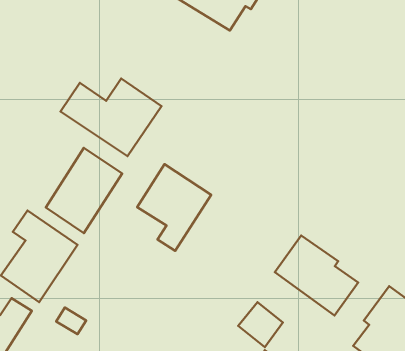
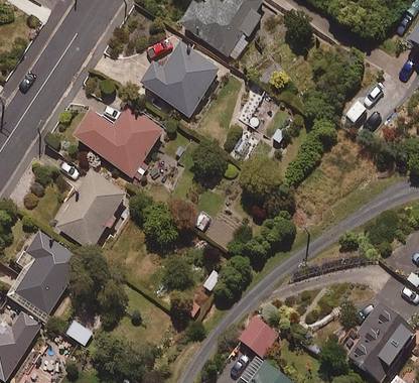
building: none -> [138,43,220,116]
building: [137,164,211,251] -> none
building: [275,235,358,315] -> none

